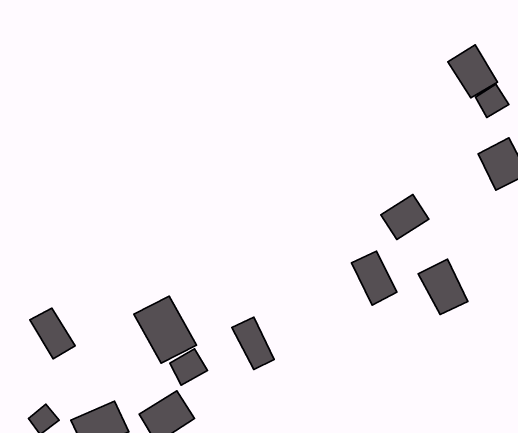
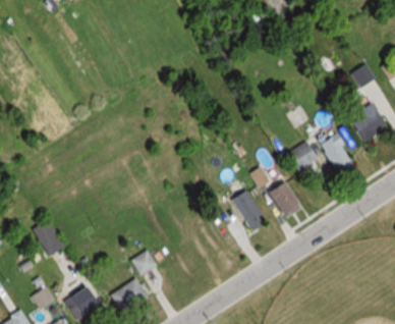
building: [448,45,497,98] -> none
building: [418,259,468,315] -> [315,130,349,169]
building: [134,296,196,363] -> none
building: [232,317,274,370] -> [229,190,259,226]

